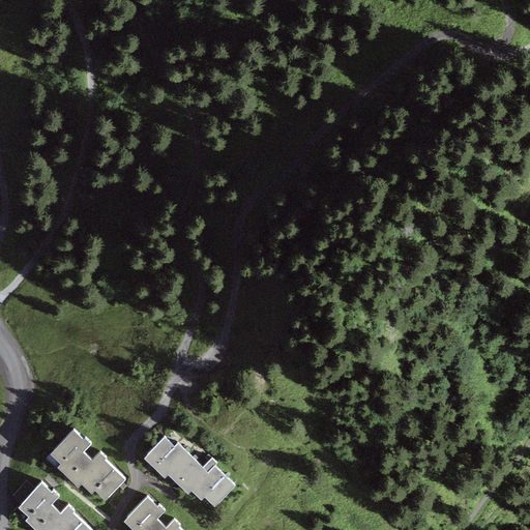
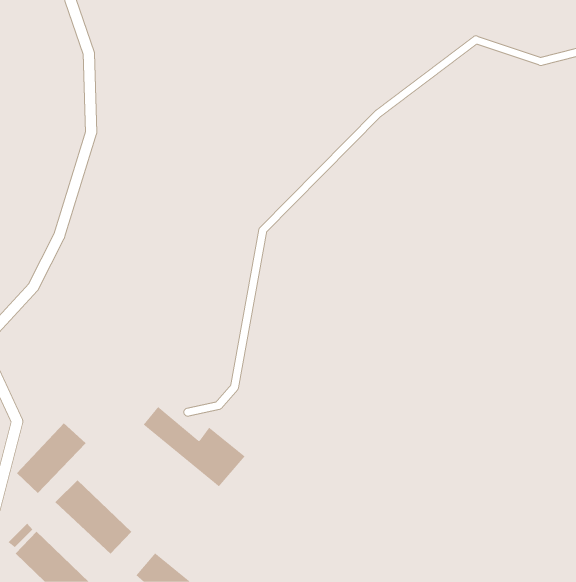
building: none -> [16,423,87,494]
building: [152,442,245,516] -> [143,406,245,487]

